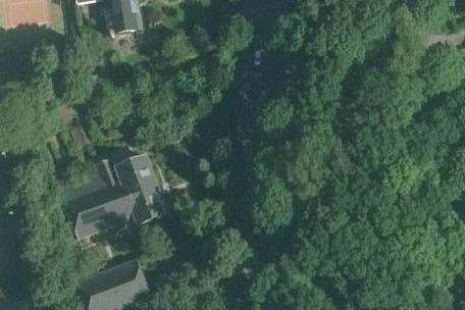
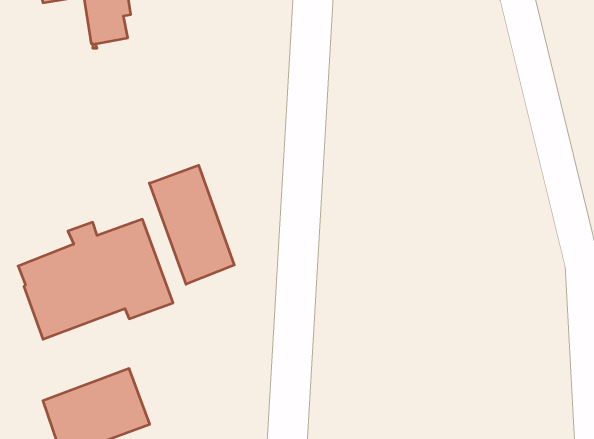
building: none -> [149,165,234,284]

